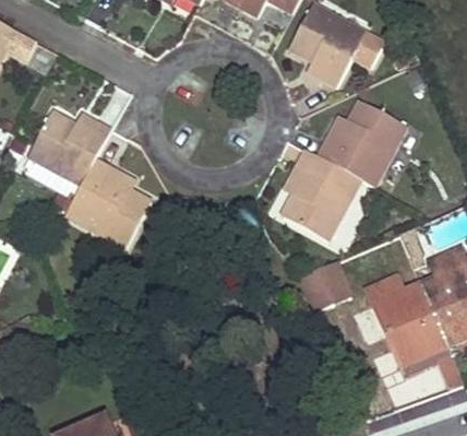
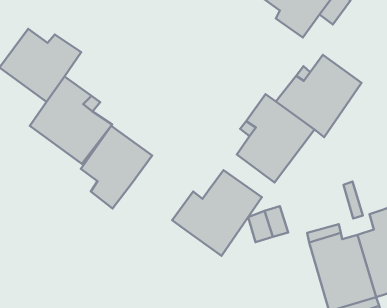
building: none -> [81,126,152,208]
building: none -> [172,170,262,256]

